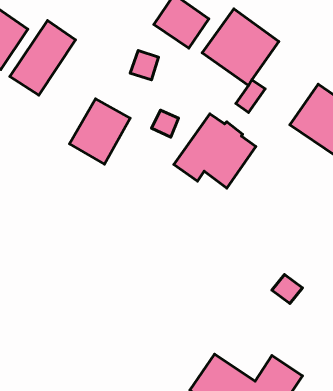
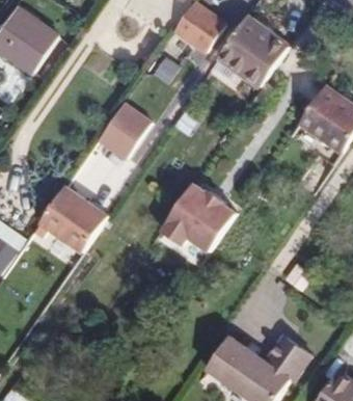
building: [10,21,76,95] -> none
building: [174,114,256,188] -> [159,183,235,251]
building: none -> [39,185,107,250]

